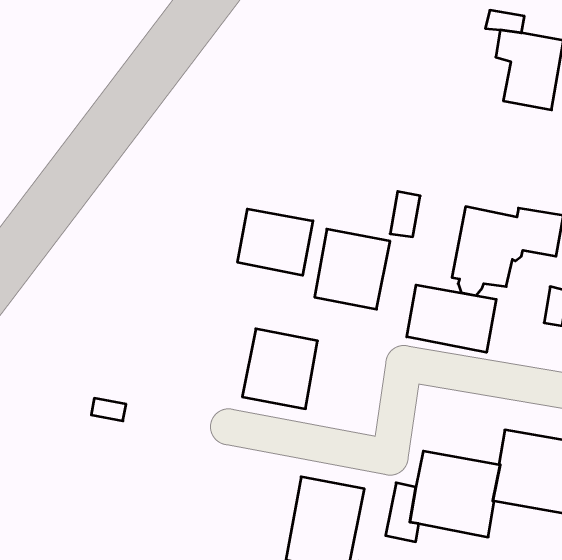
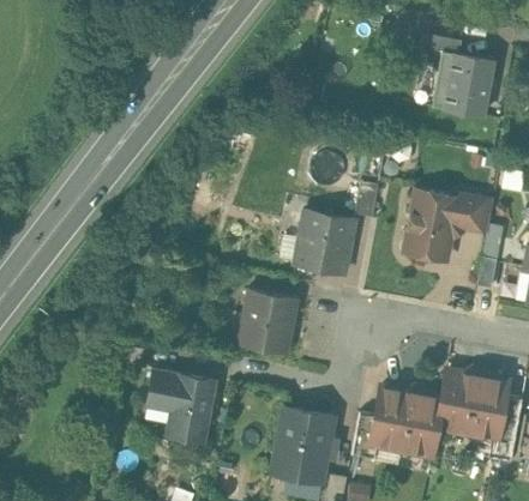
building: [238,209,313,275] -> none
building: [407,285,496,352] -> none
building: none -> [148,372,216,443]

